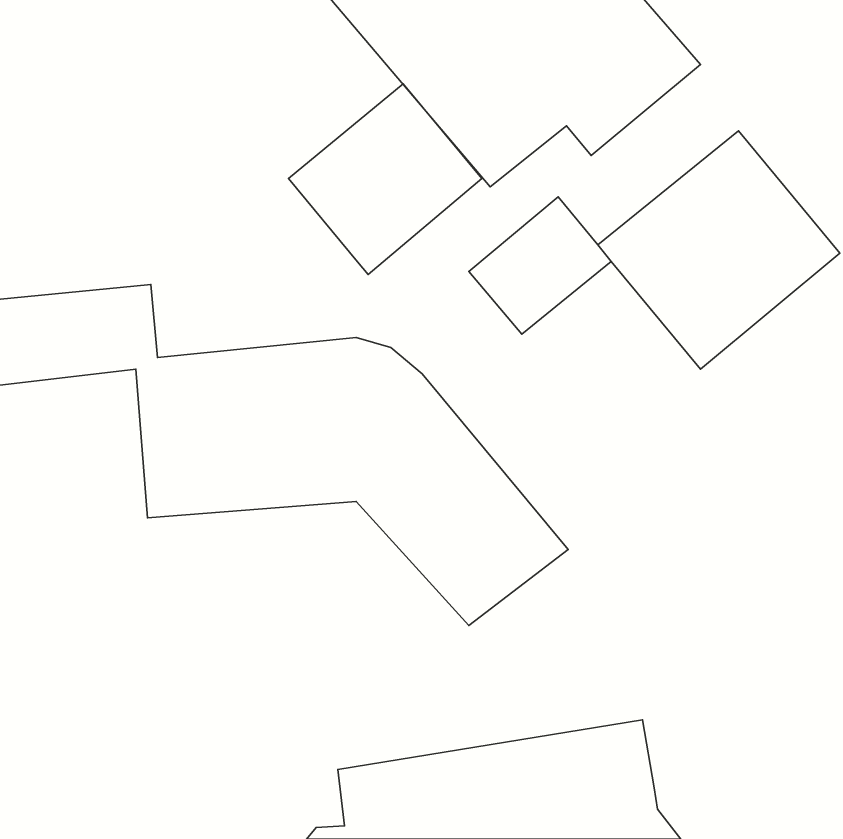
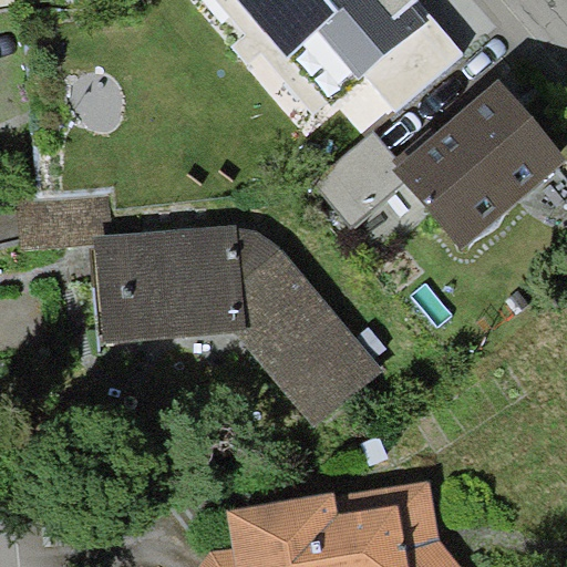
building: [288,84,482,274] -> none

